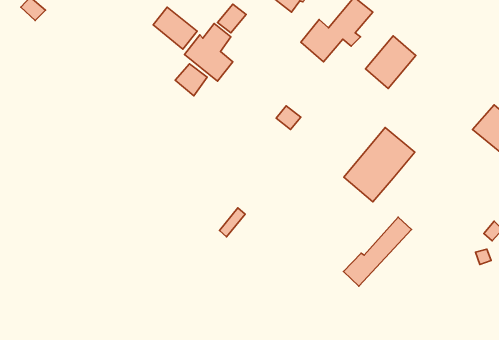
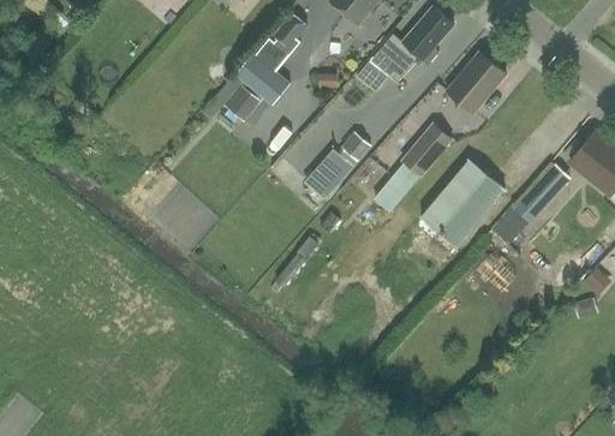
building: [153,7,197,49] -> none
building: none -> [372,123,452,211]
building: none -> [305,144,354,196]
building: [344,217,411,286] -> [490,162,569,243]

